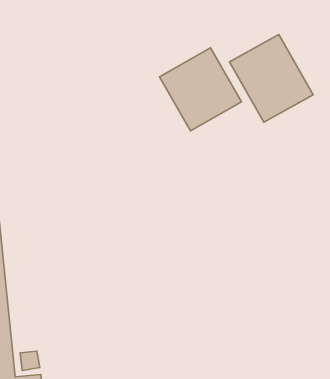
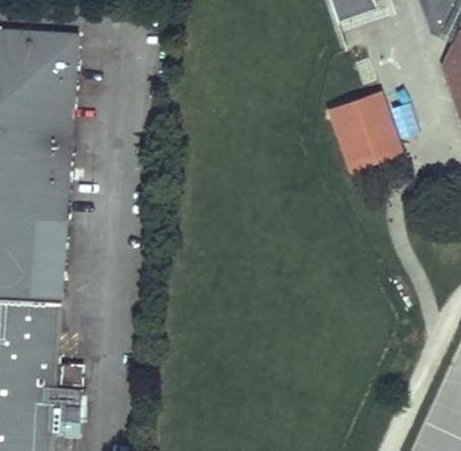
building: [160,48,242,131] -> none

